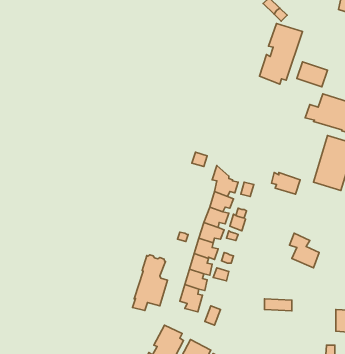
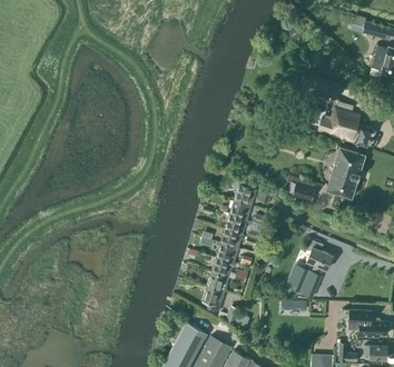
building: [259,24,302,84] -> none
building: [132,255,168,311] -> none
building: none -> [293,266,326,296]

